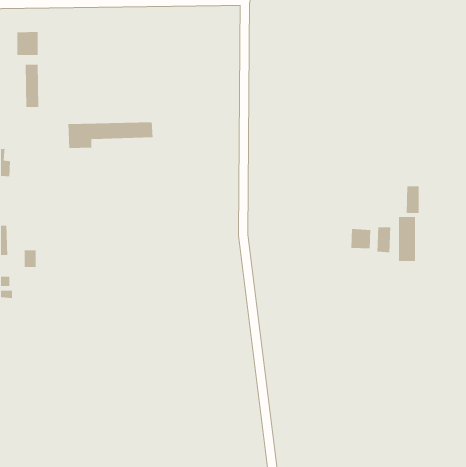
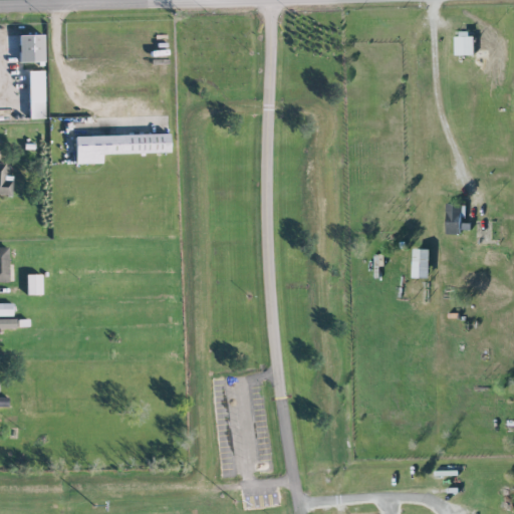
building: none -> [457,33,475,55]
building: [398,216,416,262] -> none
building: [350,228,371,249] -> none

